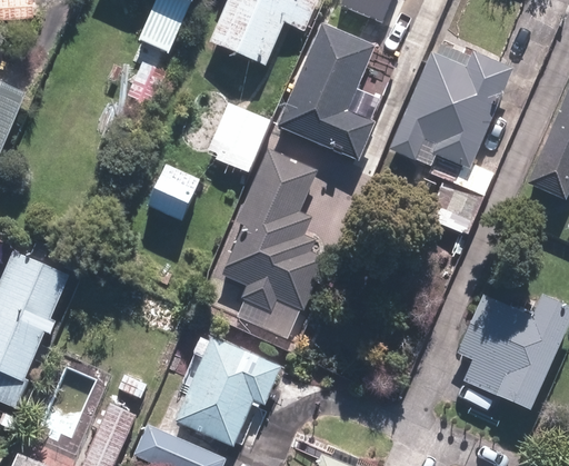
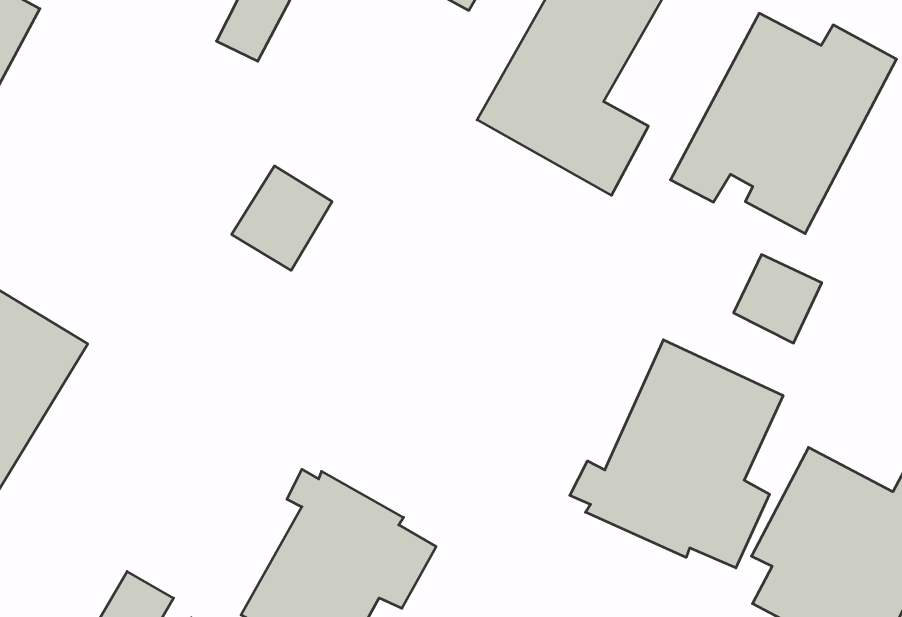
building: [207,102,270,171] -> none
building: [222,150,322,338] -> none
building: none -> [570,340,783,568]

